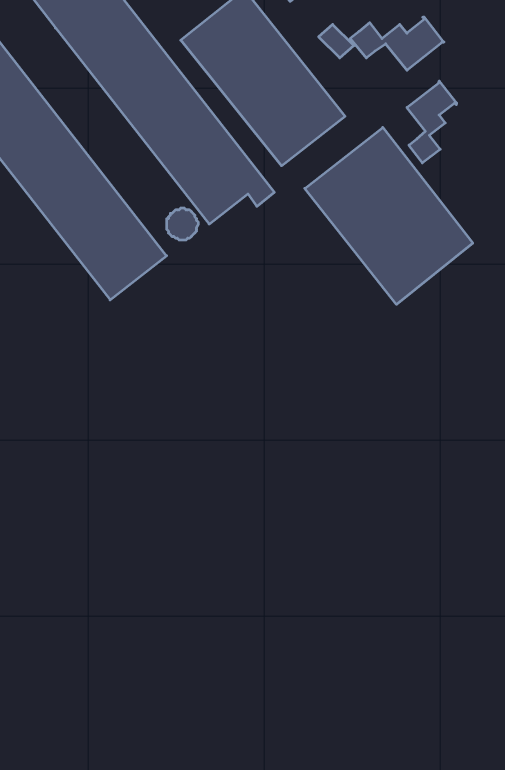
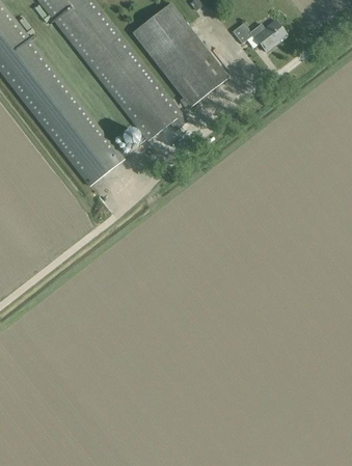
building: [407,81,457,163] -> none
building: [305,127,473,304] -> none

